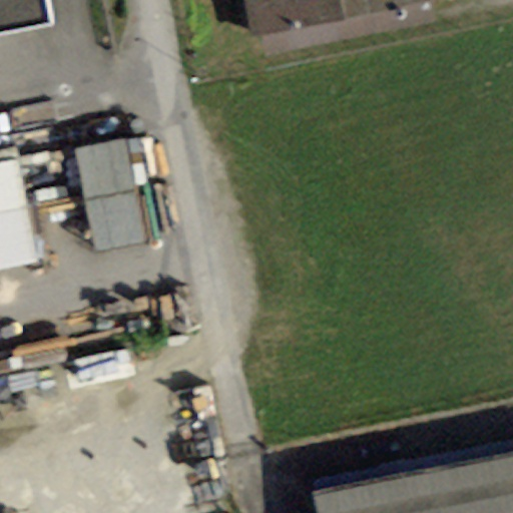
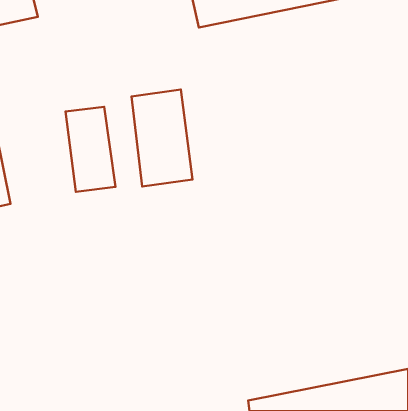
building: none -> [131,90,193,186]

